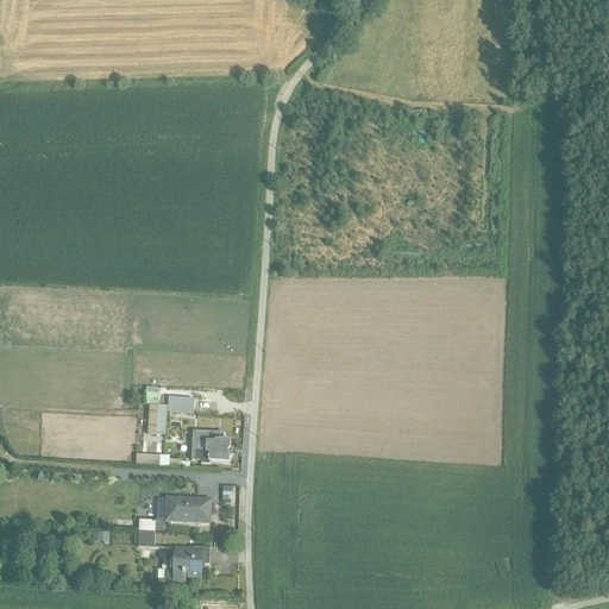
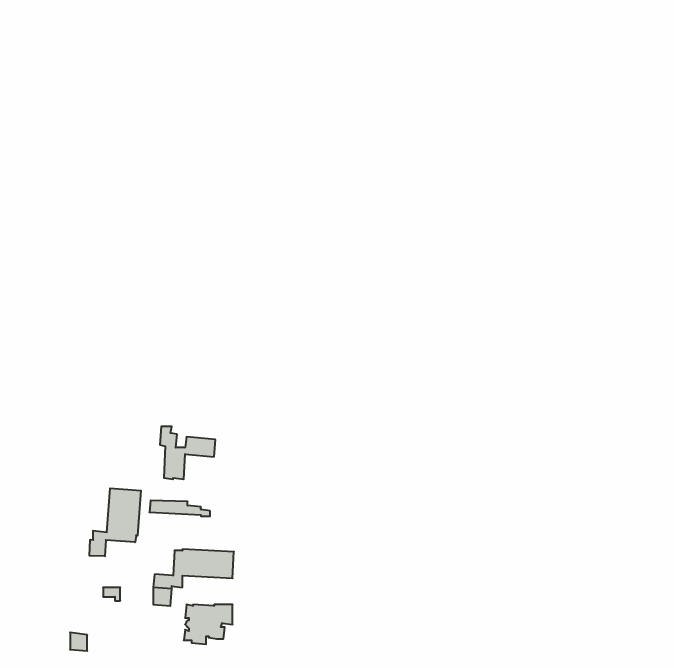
building: [190,428,232,462] -> none
building: none -> [89,488,141,556]

